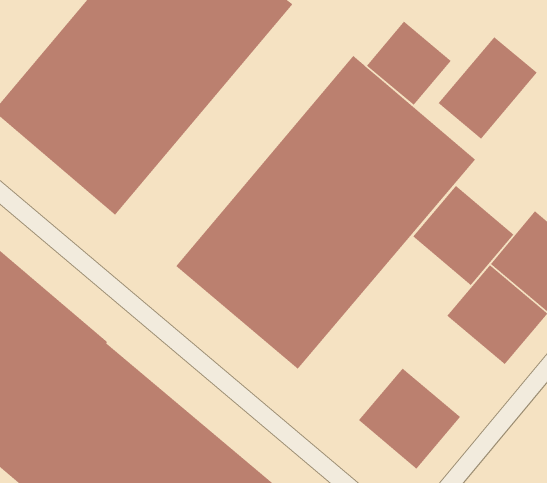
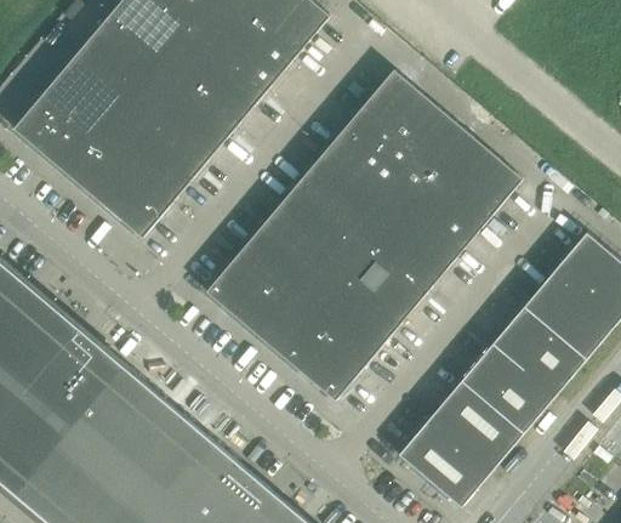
building: [366,21,452,106] -> none
building: [438,36,538,140] -> none
building: [412,185,515,286] -> [445,345,553,451]

